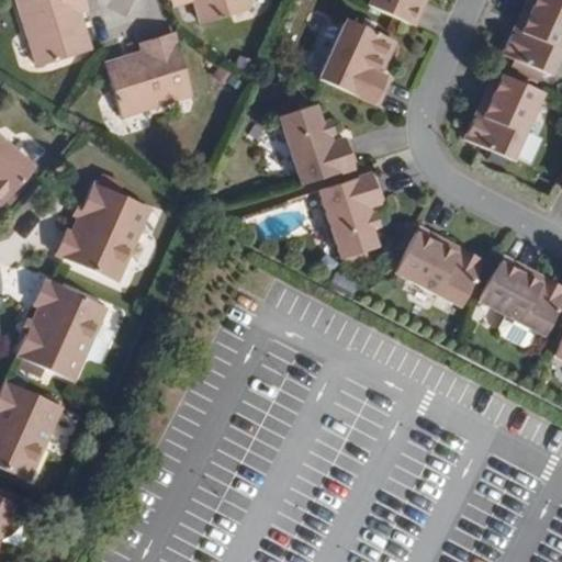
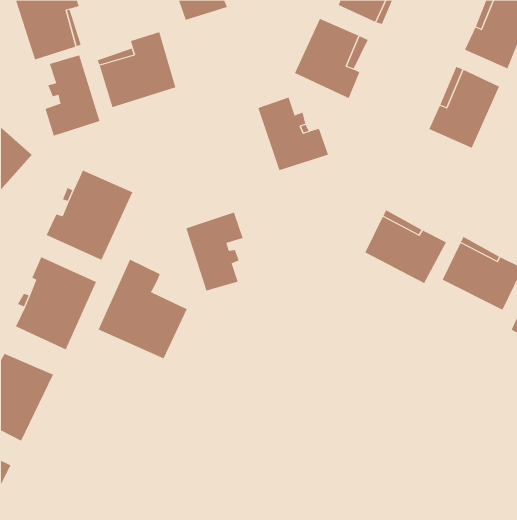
building: none -> [45,55,100,137]
building: [321,172,383,258] -> [186,212,244,291]
building: none -> [98,259,188,359]

